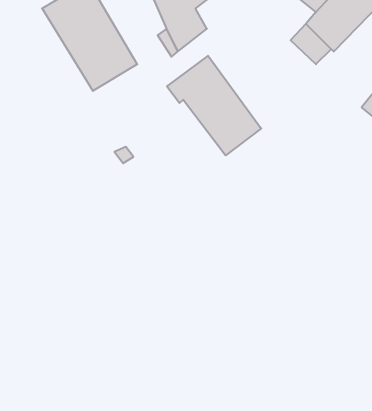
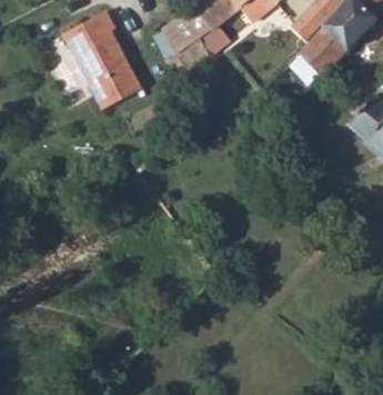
building: [167,56,261,155] -> none

